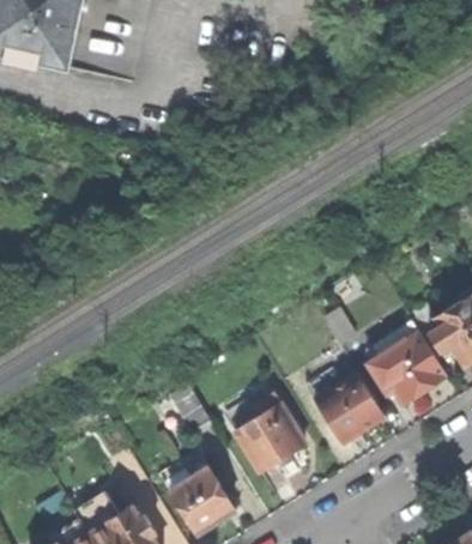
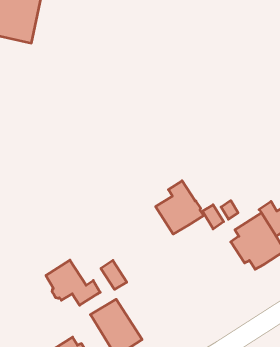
building: [315,373,385,442] -> none
building: none -> [46,260,100,305]
building: [234,393,305,472] -> [156,181,204,234]

